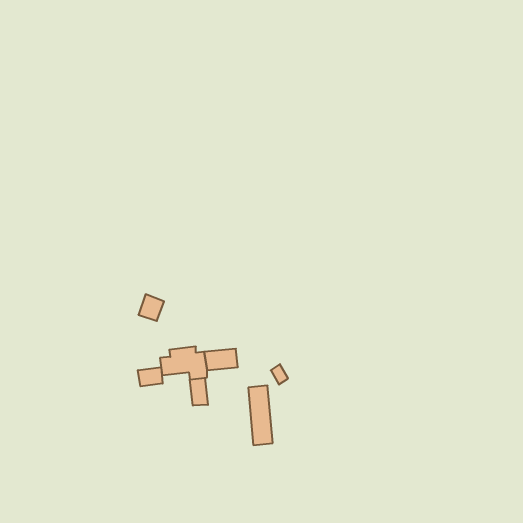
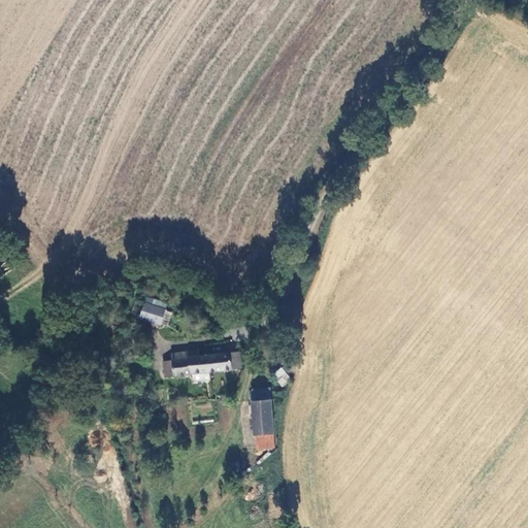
building: [138,367,163,386] -> none
building: [190,378,208,406] -> none

